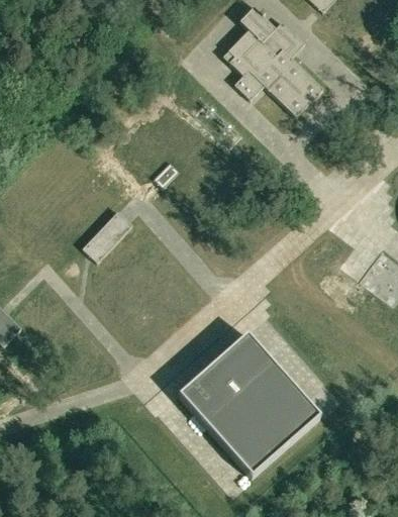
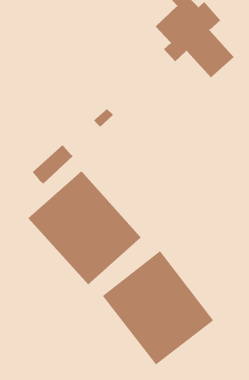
building: none -> [28,171,141,285]

